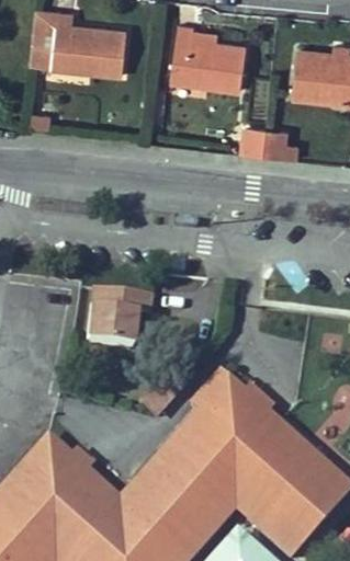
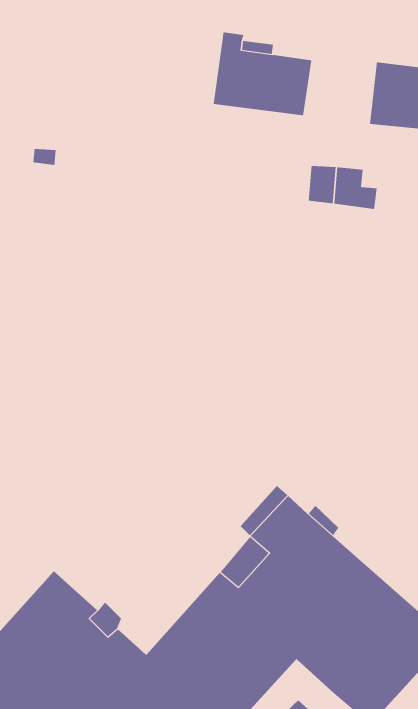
building: [30,9,126,75] -> none
building: [86,290,151,350] -> none

